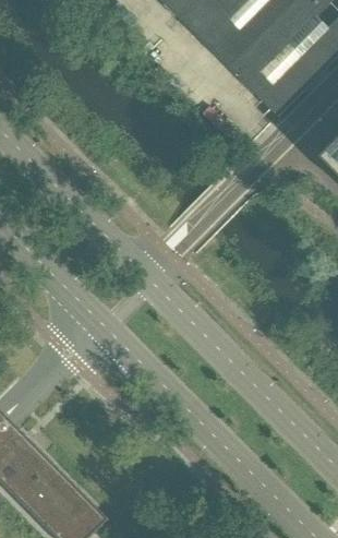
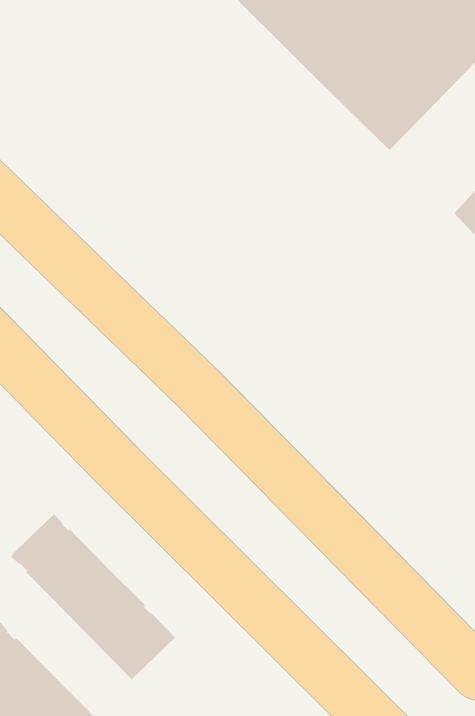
building: none -> [10,513,176,680]

